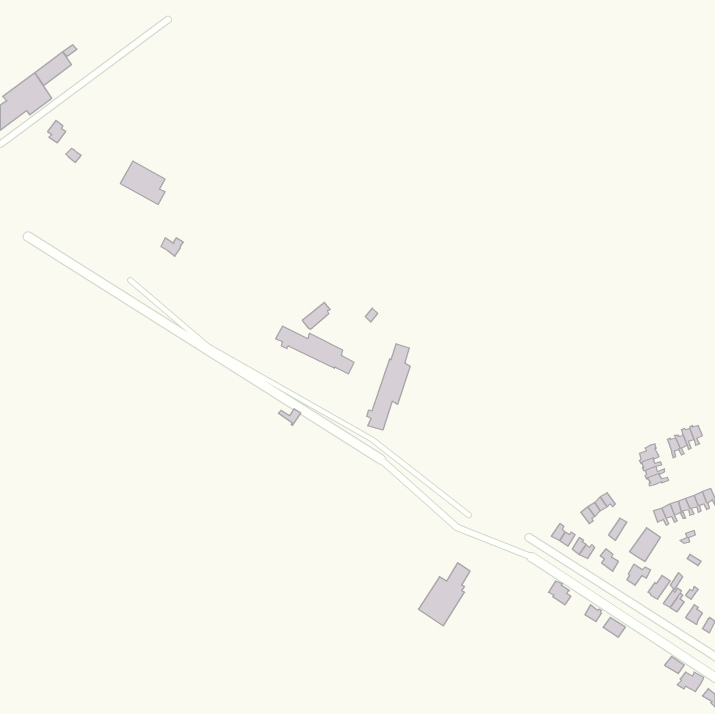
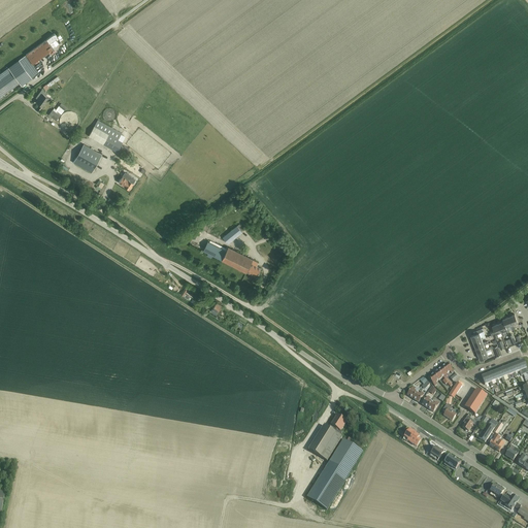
building: none -> [73,143,101,171]
building: [367,344,410,430] -> none
building: none -> [307,439,363,509]

